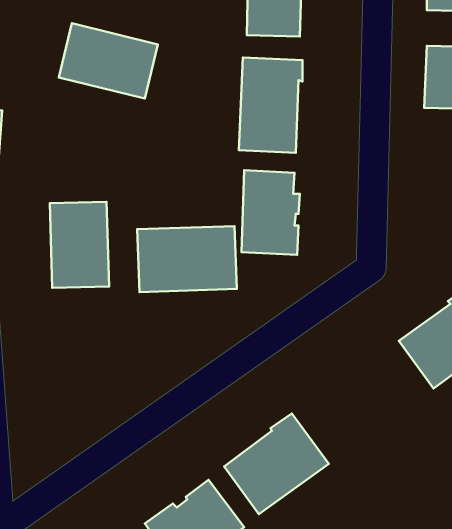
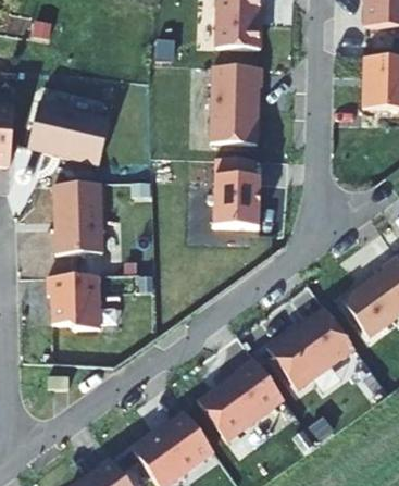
building: [59,23,158,99] -> [29,102,111,164]
building: [137,226,237,292] -> none
building: none -> [47,275,98,328]
building: none -> [266,306,354,389]

